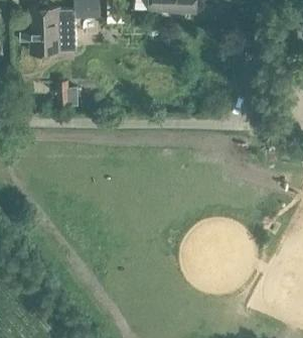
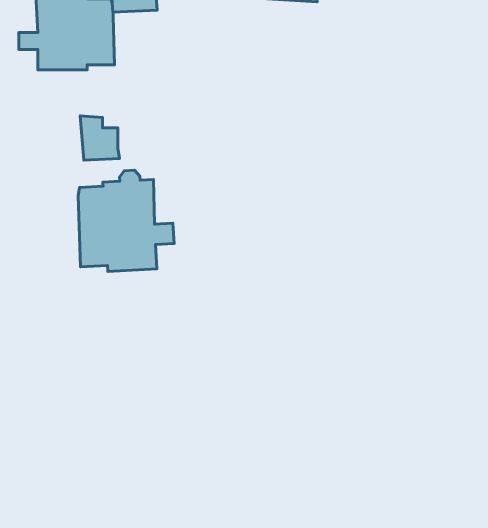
building: none -> [78,170,174,272]

